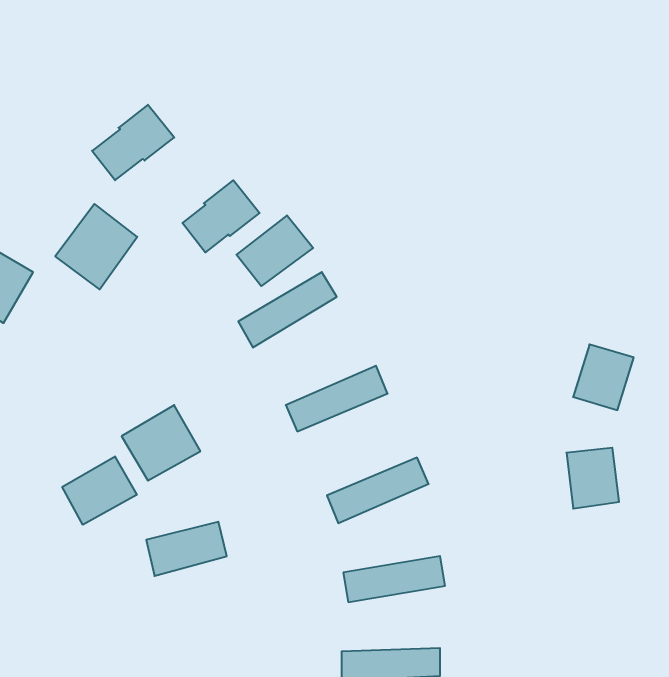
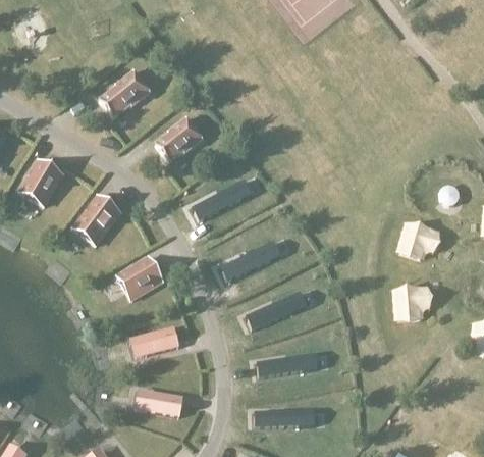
building: [55,204,137,289] -> [73,194,124,247]
building: [236,215,313,286] -> none
building: [62,456,137,525] -> none
building: none -> [138,389,186,418]

